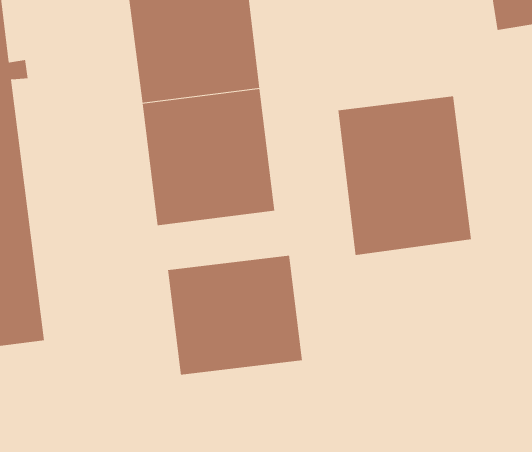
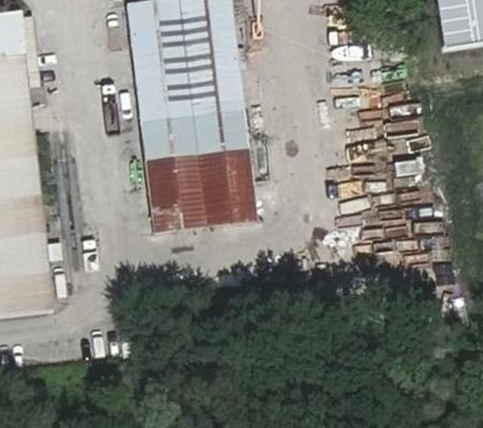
building: [338,96,471,256] -> none
building: [167,255,303,375] -> none

